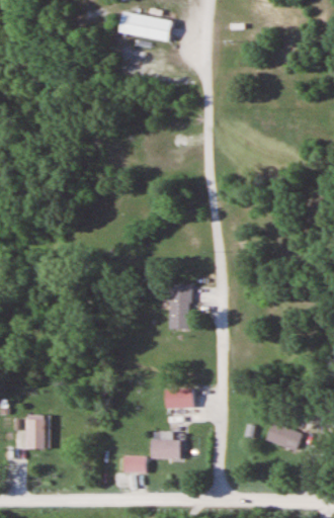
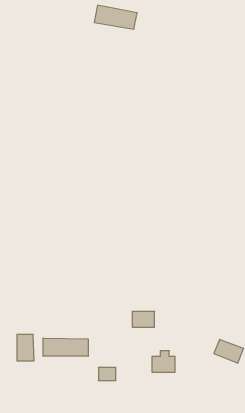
building: [171,283,192,329] -> none
building: none -> [43,338,88,356]
building: [151,432,179,458] -> [152,351,175,372]

